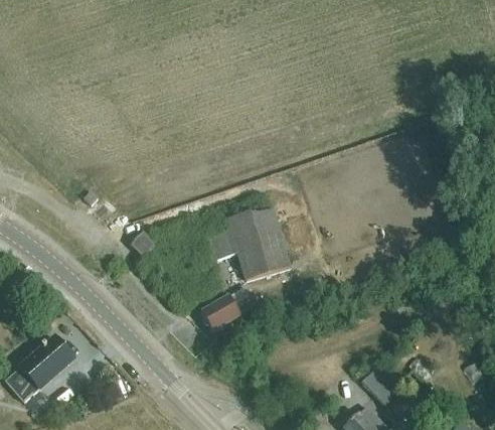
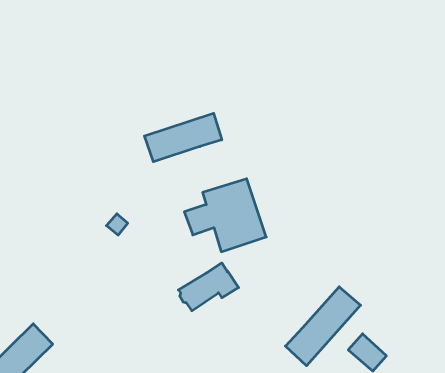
building: none -> [144,113,222,162]
building: none -> [285,287,361,366]

